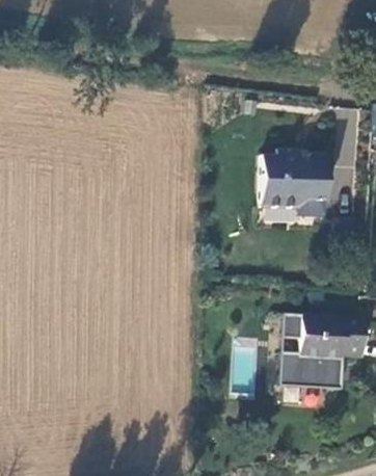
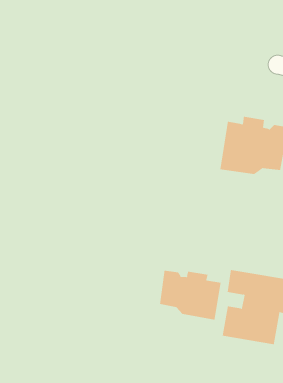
building: none -> [159,270,221,320]

